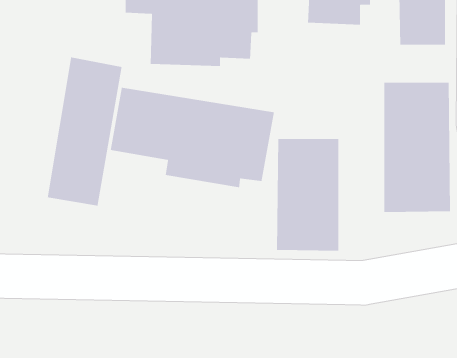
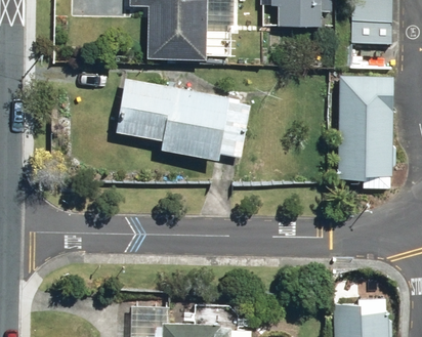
building: [47,56,123,207] -> none
building: [276,138,339,252] -> none

